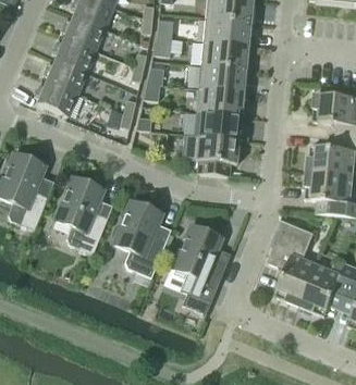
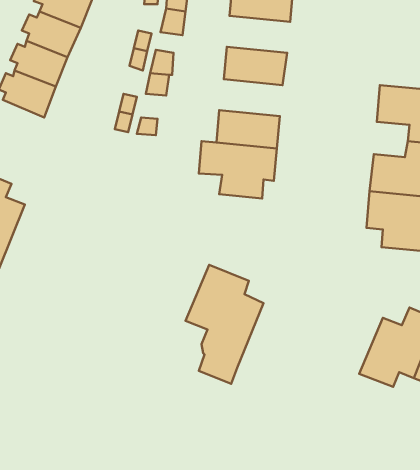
building: [201,41,248,69] -> none
building: [196,88,243,115] -> none
building: [53,176,111,253] -> none
building: [112,200,169,276] -> none
building: [267,219,317,306] -> none

